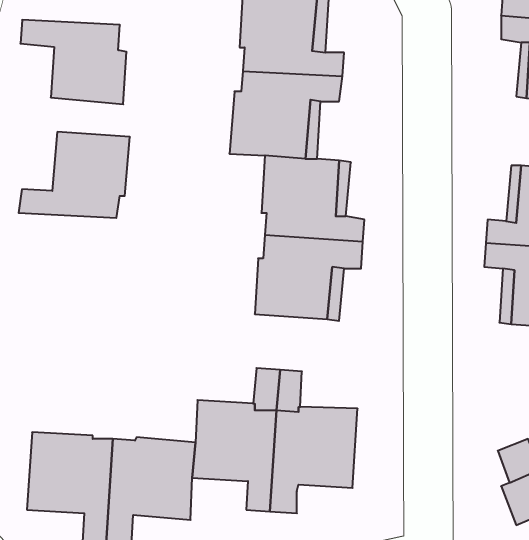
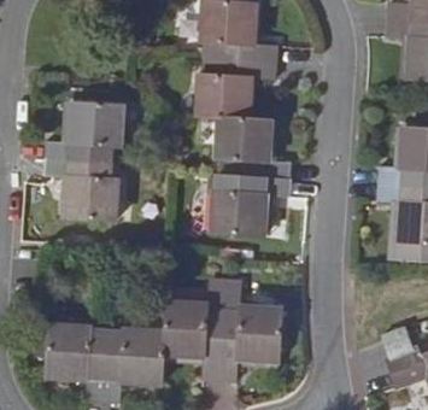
building: [20,20,127,104] -> [40,163,116,223]

